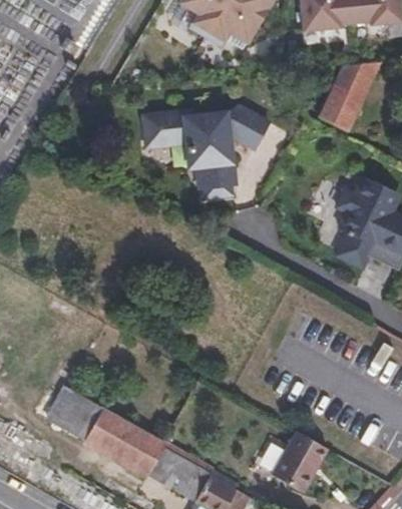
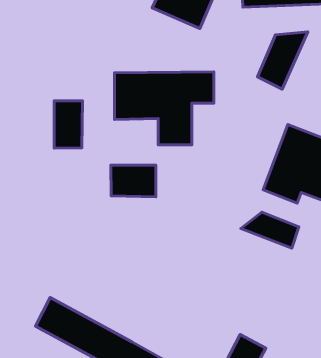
building: none -> [54,101,83,148]
building: none -> [111,165,156,197]
building: none -> [241,212,299,248]

